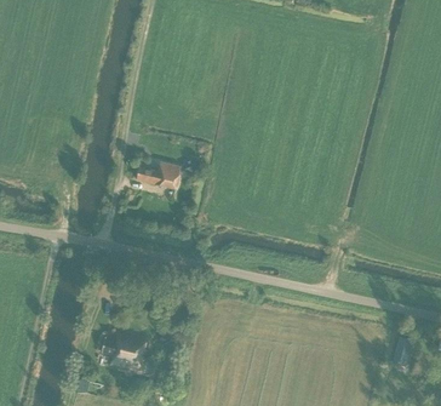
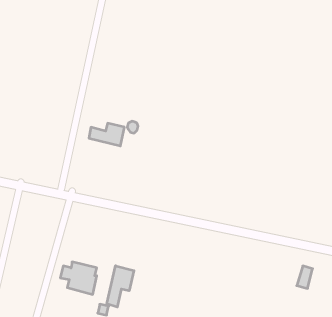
building: none -> [107,266,134,307]

